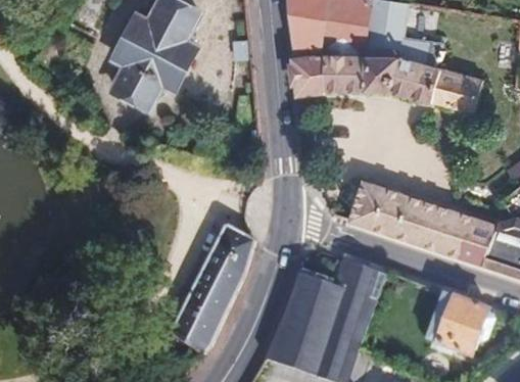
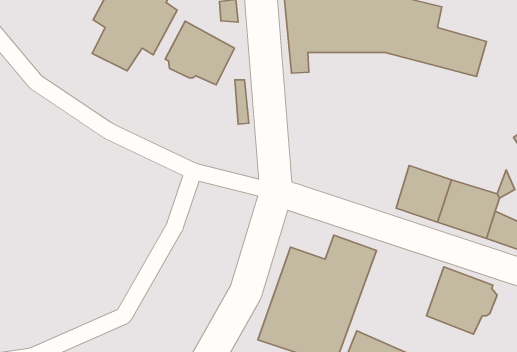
building: none -> [165,21,234,85]
building: [347,180,409,236] -> none
building: [174,230,251,357] -> none

